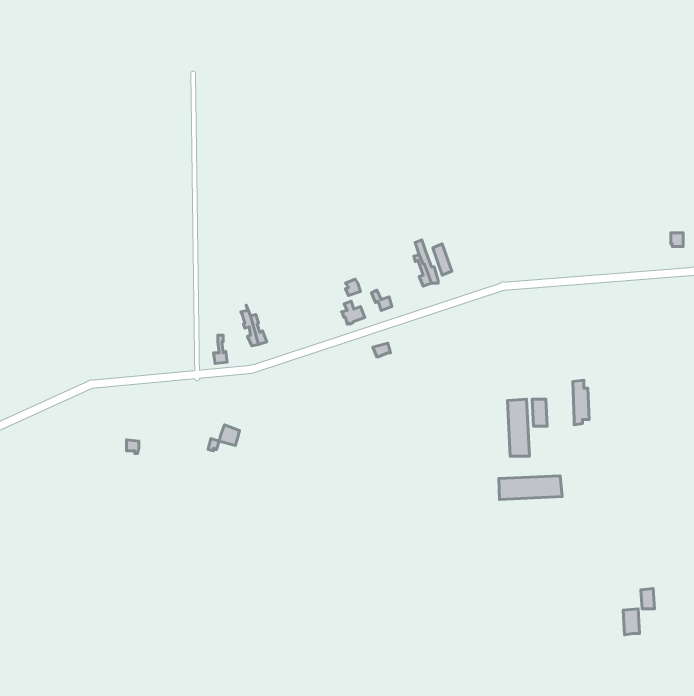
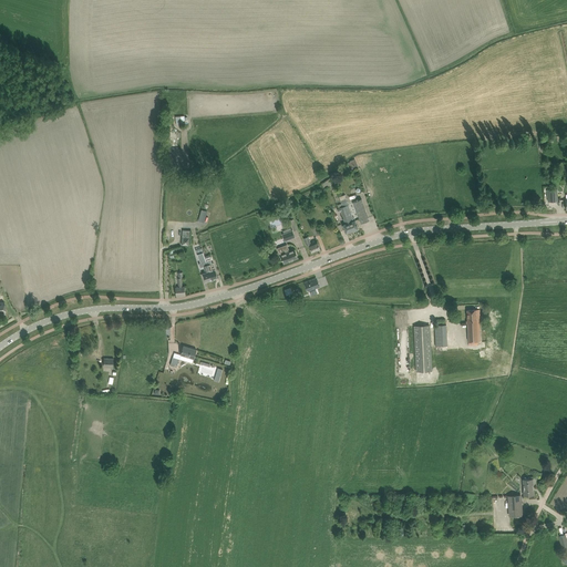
building: [499,476,562,500] -> none

